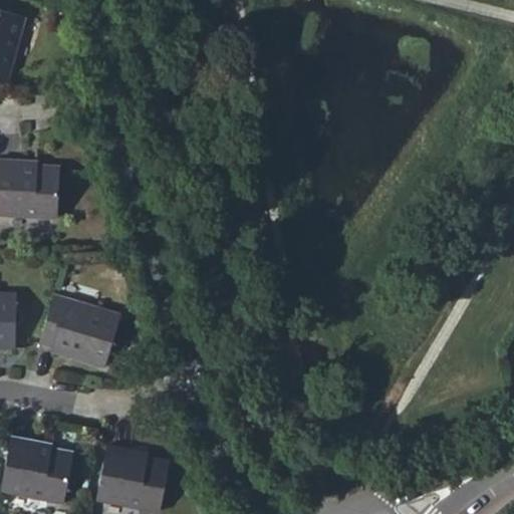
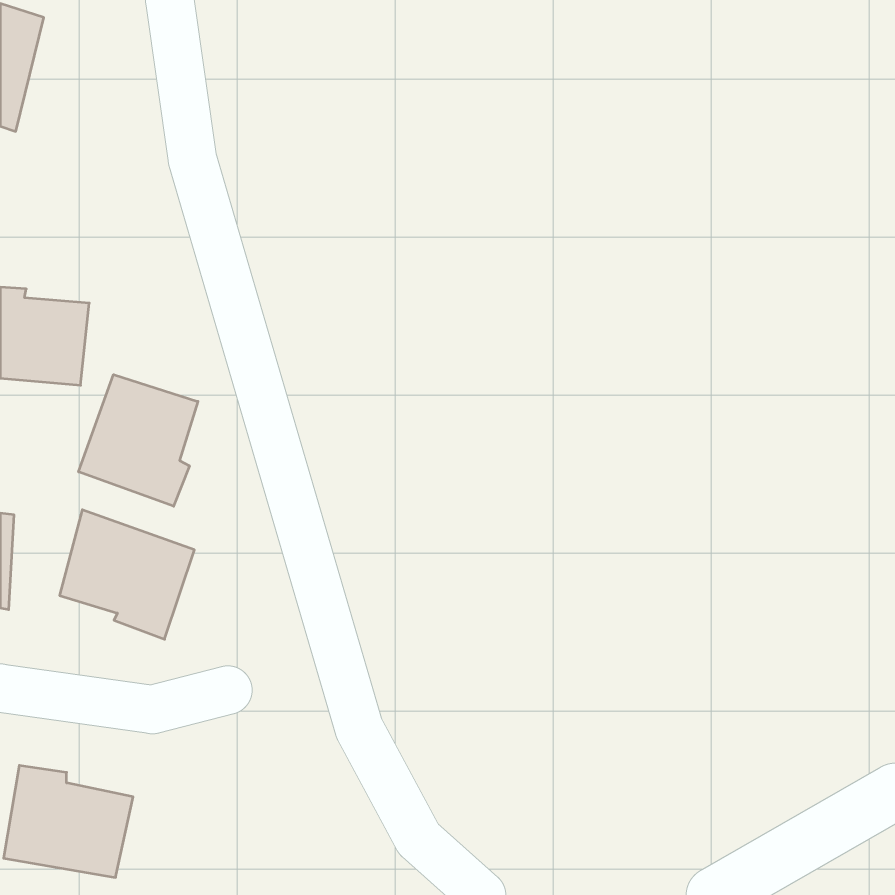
building: none -> [79,375,198,506]
building: [99,445,171,506] -> none

